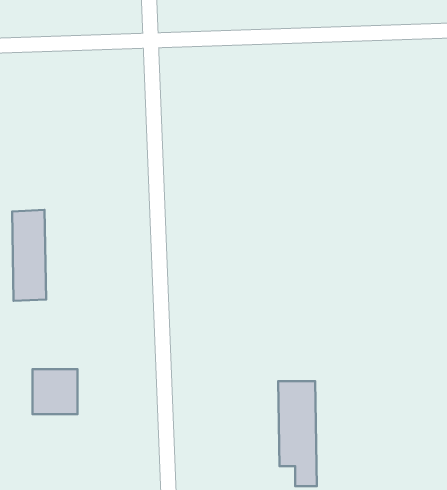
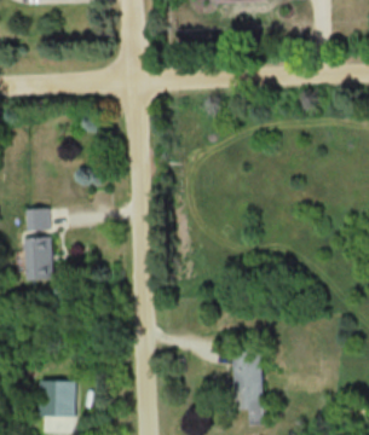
building: [33,369,77,414] -> [40,381,75,416]

